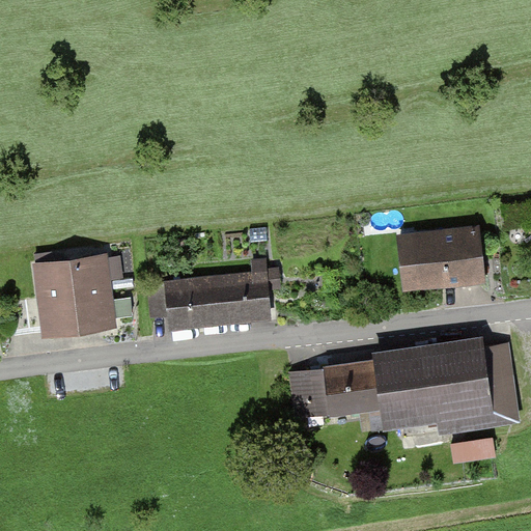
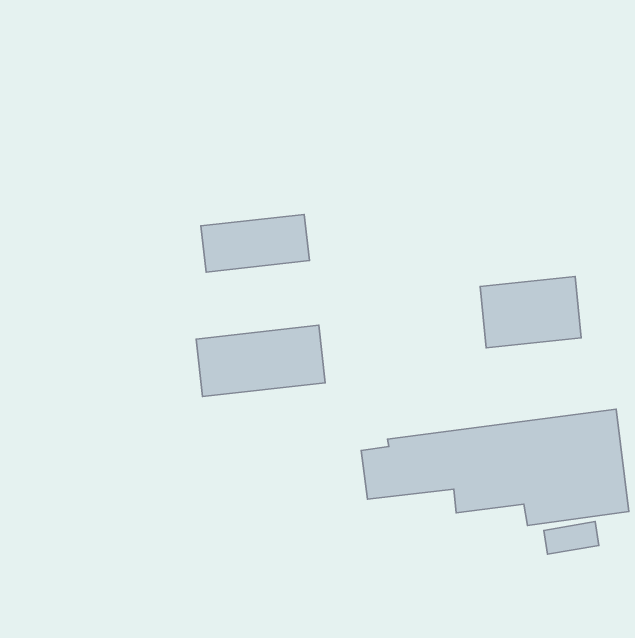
building: none -> [201,214,309,272]
building: [33,256,114,337] -> none

